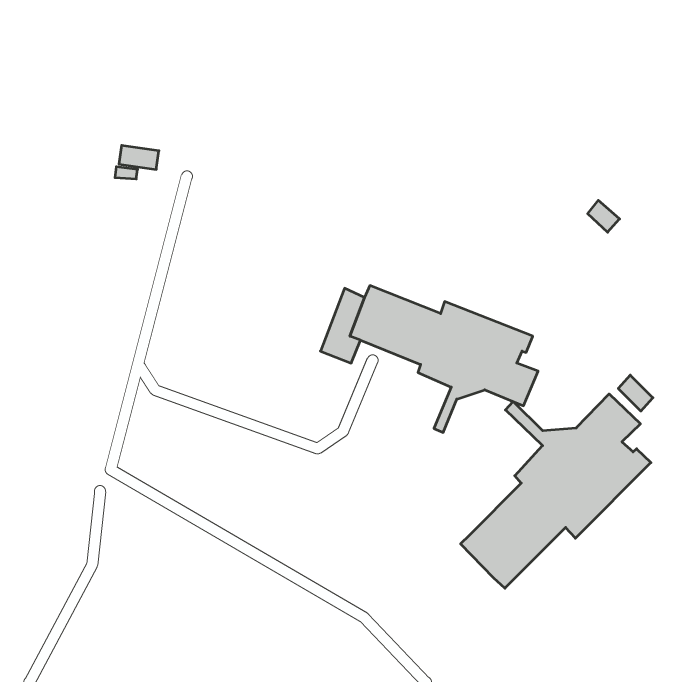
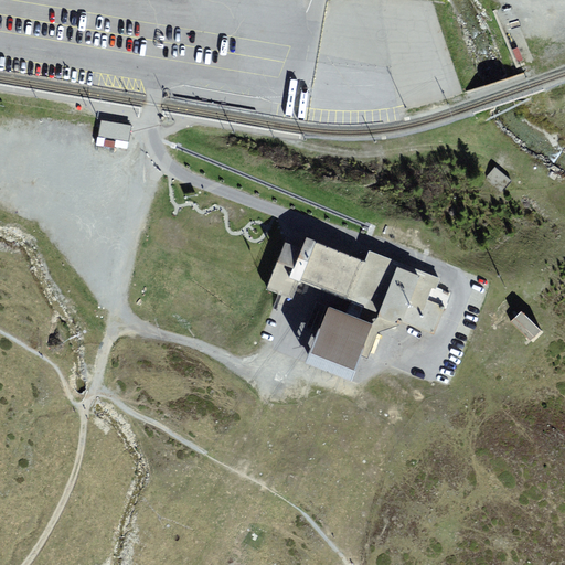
building: none -> [305,301,373,374]
building: [461,394,651,588] -> none

